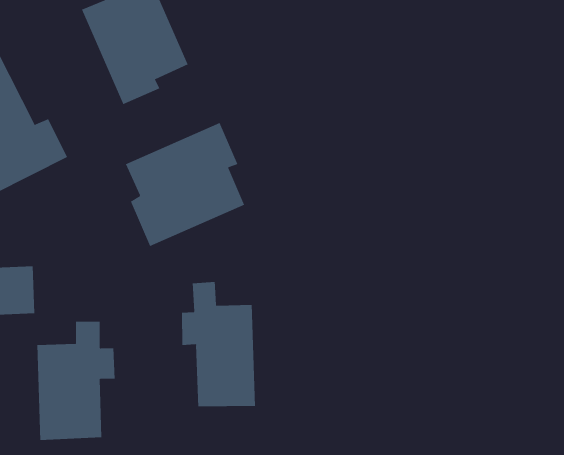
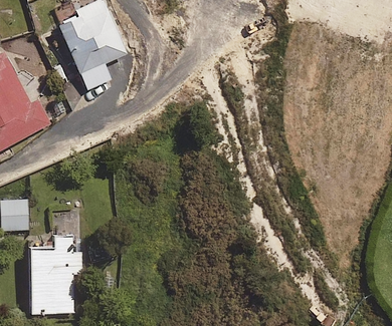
building: [125,122,245,247] -> none
building: [181,281,255,407] -> none

